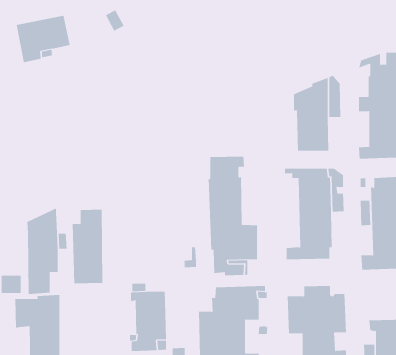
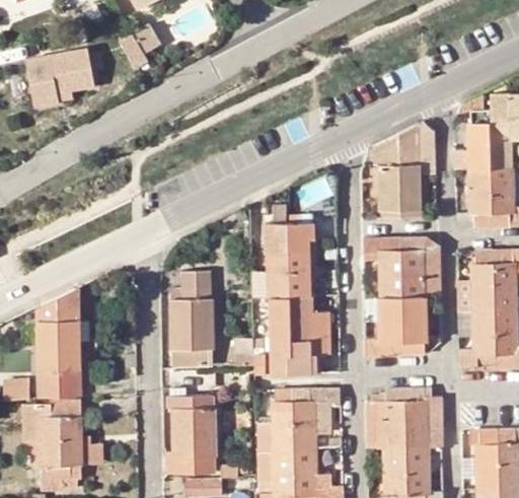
building: [72,209,103,284] -> [172,272,212,366]

